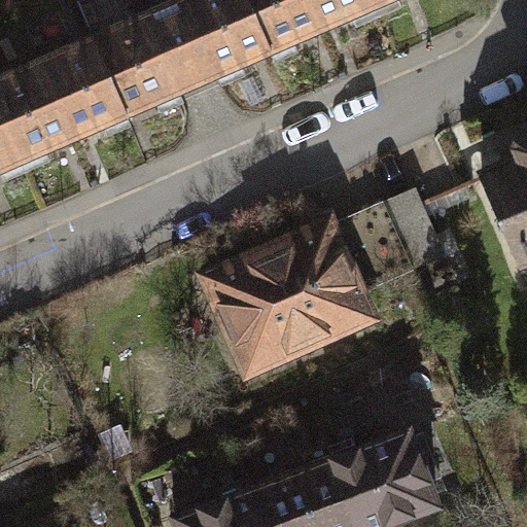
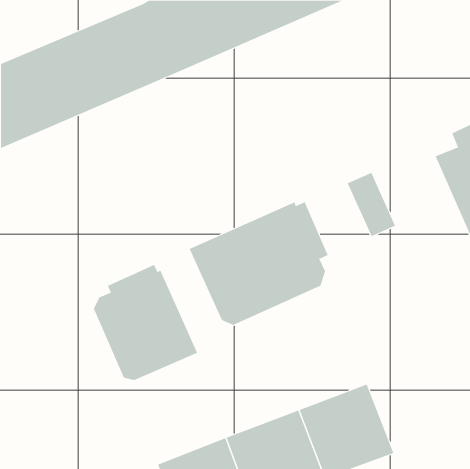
building: [343,208,416,288] -> none
building: none -> [93,264,198,381]

